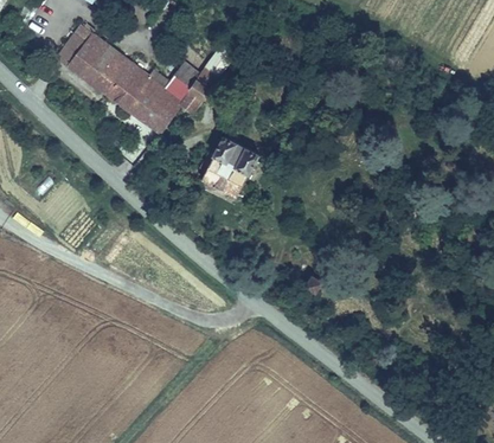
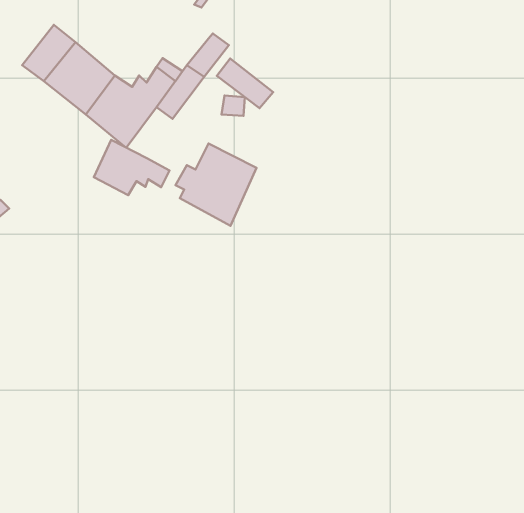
building: [59,23,95,66] -> none
building: none -> [217,59,273,108]
building: none -> [94,140,169,195]

